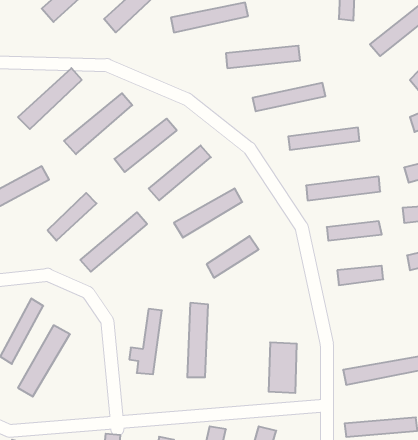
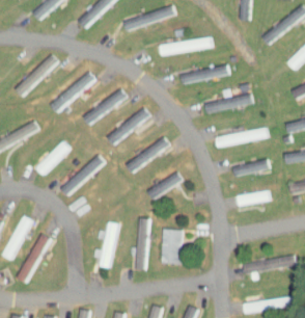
building: [269,342,297,393] -> [163,230,183,265]

